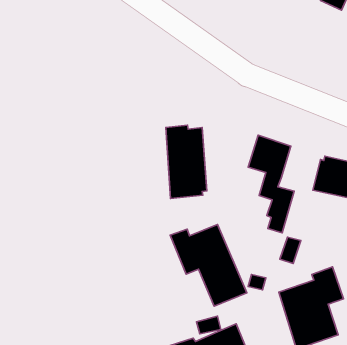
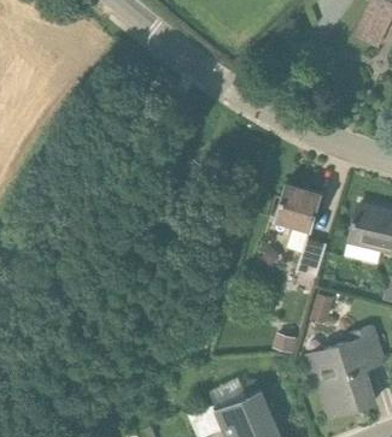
building: [166,125,207,199] -> none
building: [170,225,247,306] -> none

